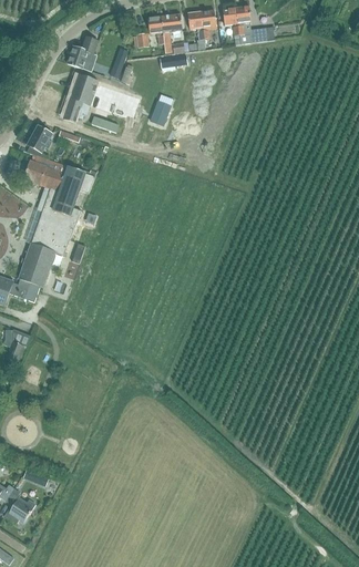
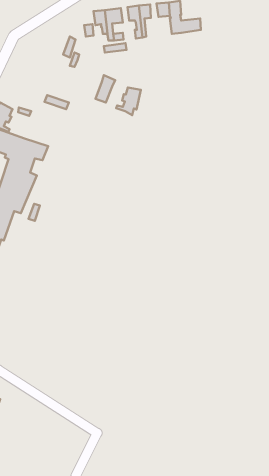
building: [66,37,99,69] -> none
building: [63,74,98,122] -> none
building: none -> [116,87,141,115]

